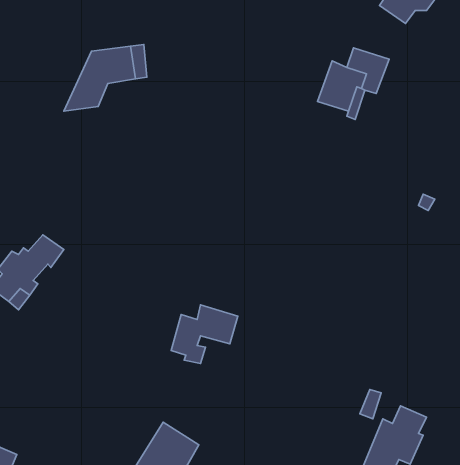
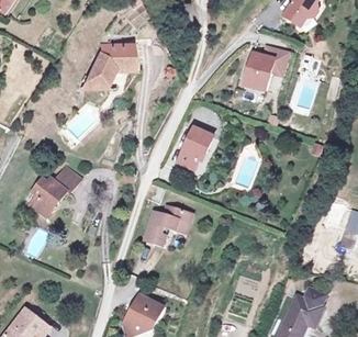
building: none -> [181,125,219,168]

